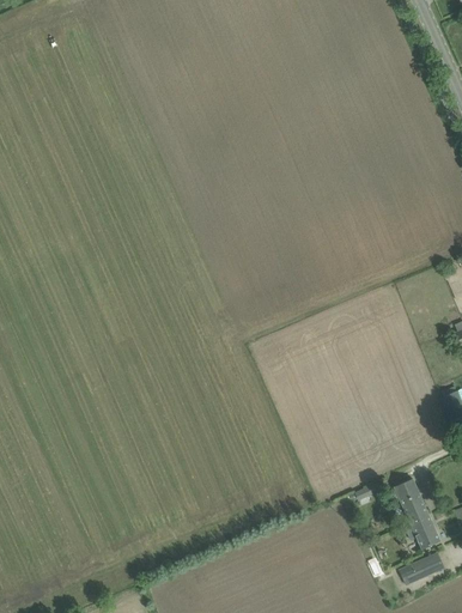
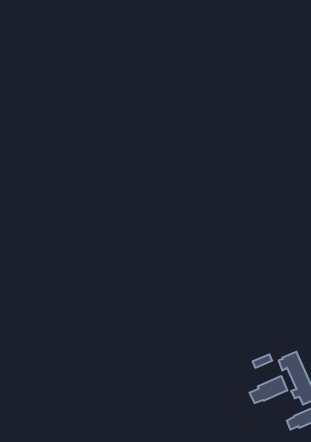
building: none -> [250,376,287,403]

